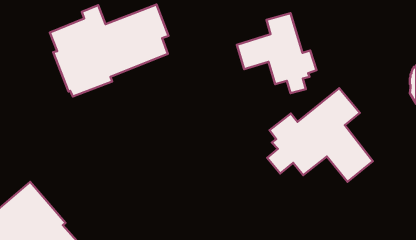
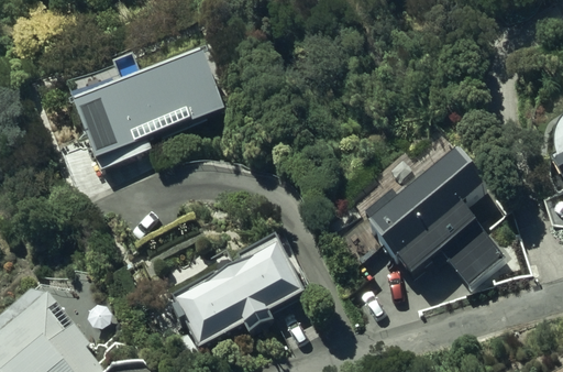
building: [237,13,316,93] -> none
building: none -> [172,241,305,347]

